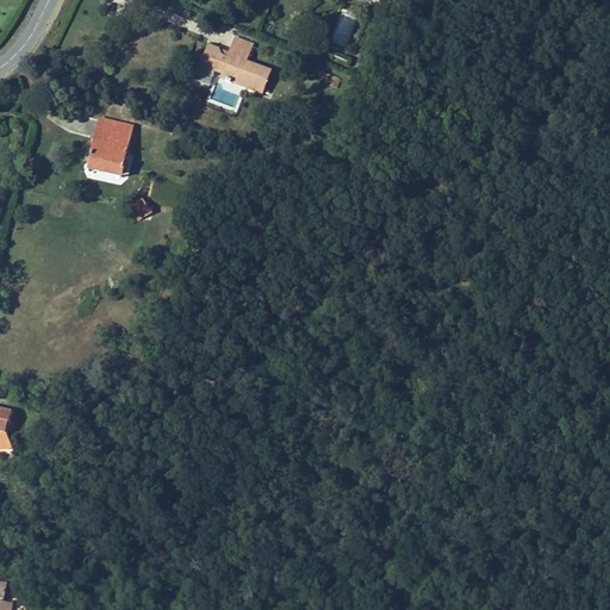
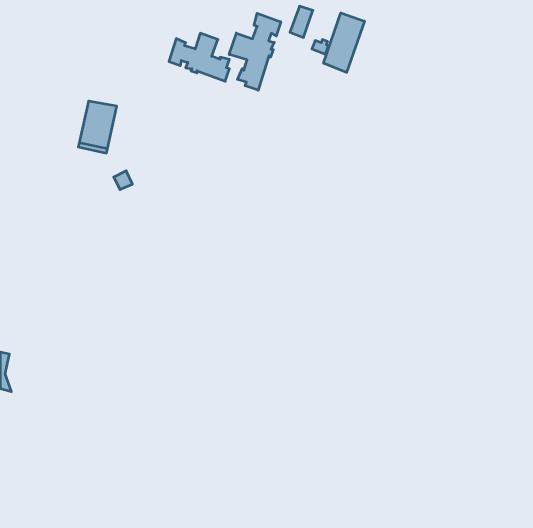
building: none -> [324,13,364,72]
building: none -> [229,13,281,90]

